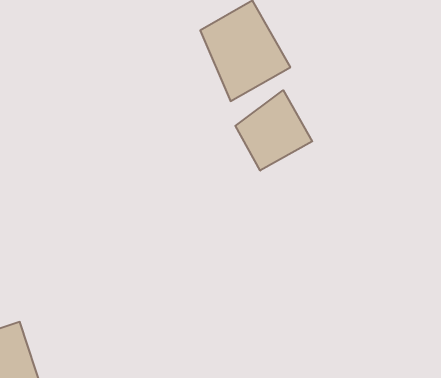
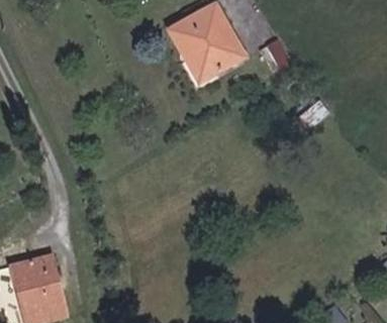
building: [235,90,312,171] -> none

